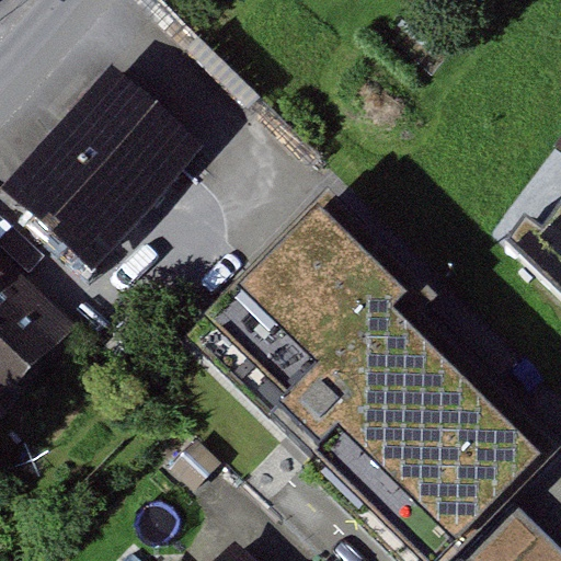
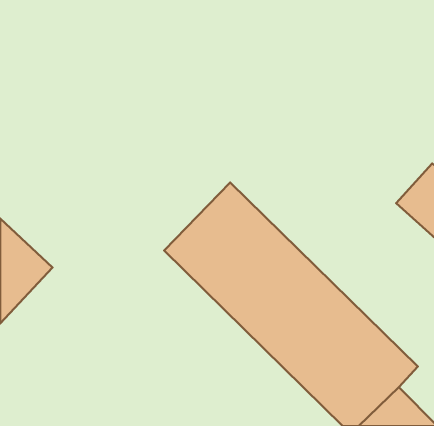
building: [23,62,215,256] -> none

